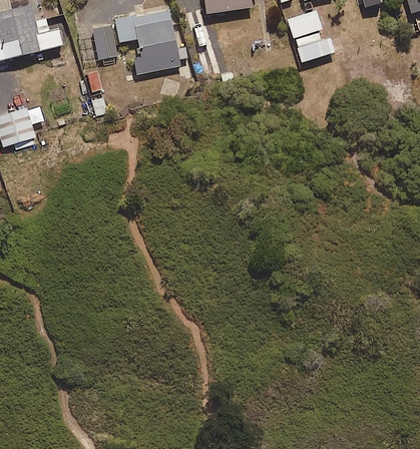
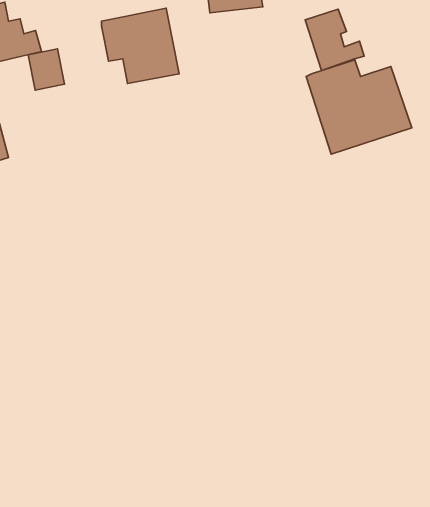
building: [89,24,120,59] -> [28,49,65,90]
building: none -> [306,60,412,154]

